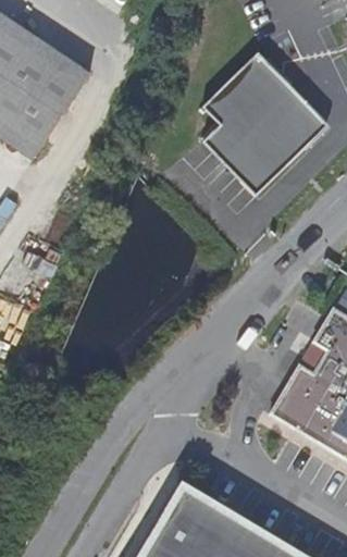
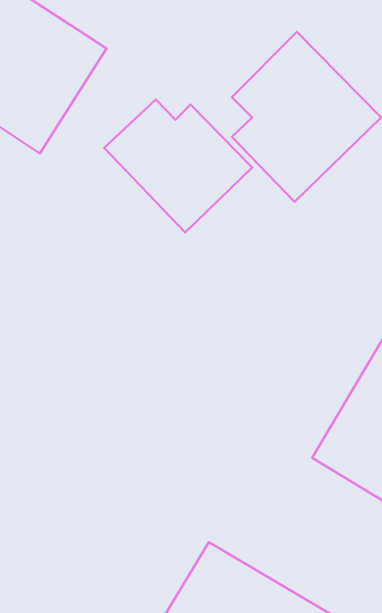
building: none -> [104,99,252,232]

